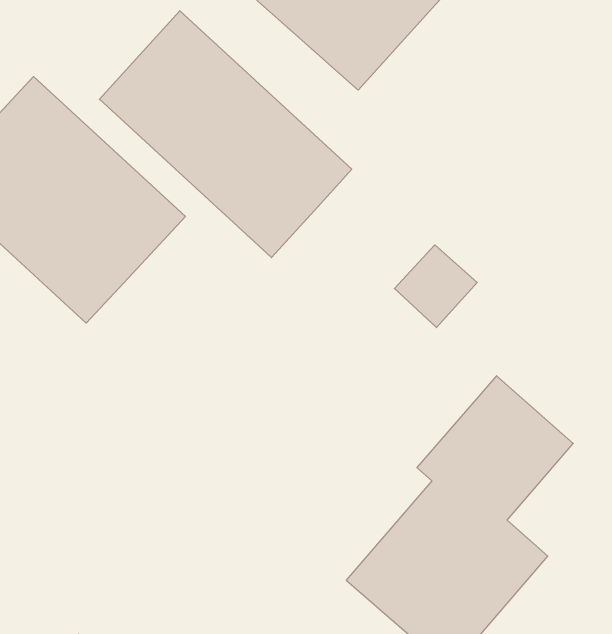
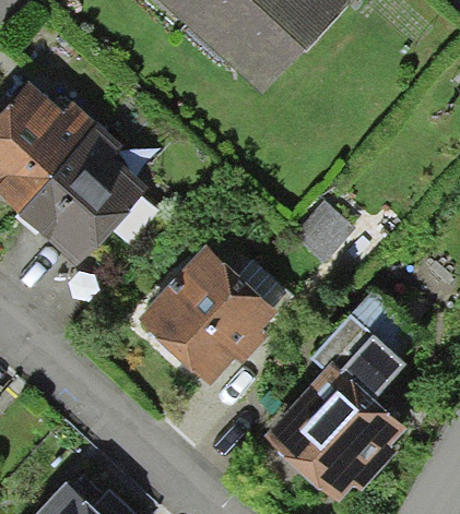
building: [99,11,352,258] -> none
building: none -> [139,249,271,386]

